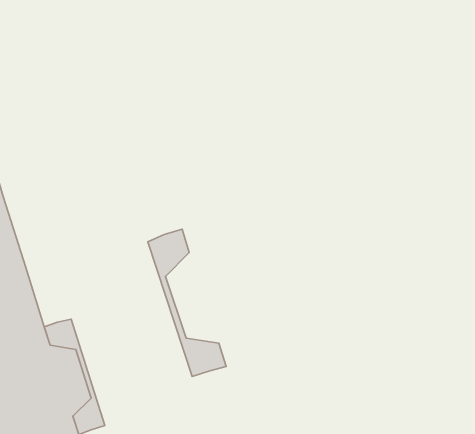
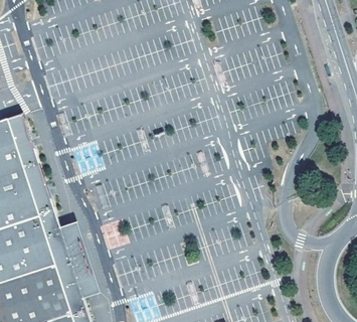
building: [148,229,226,376] -> none

